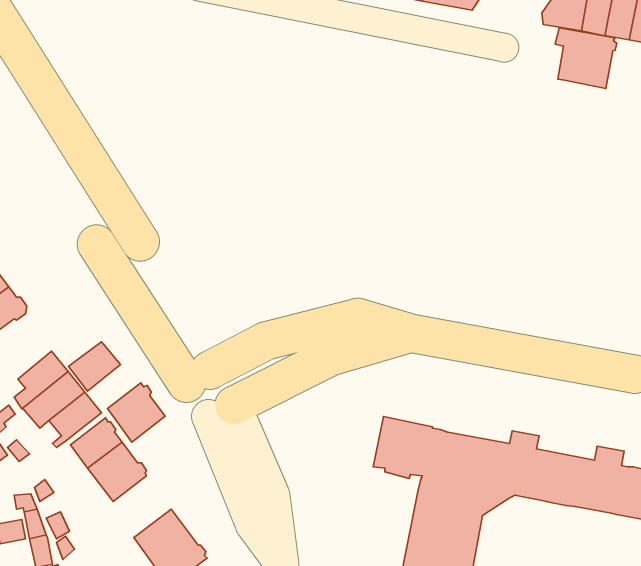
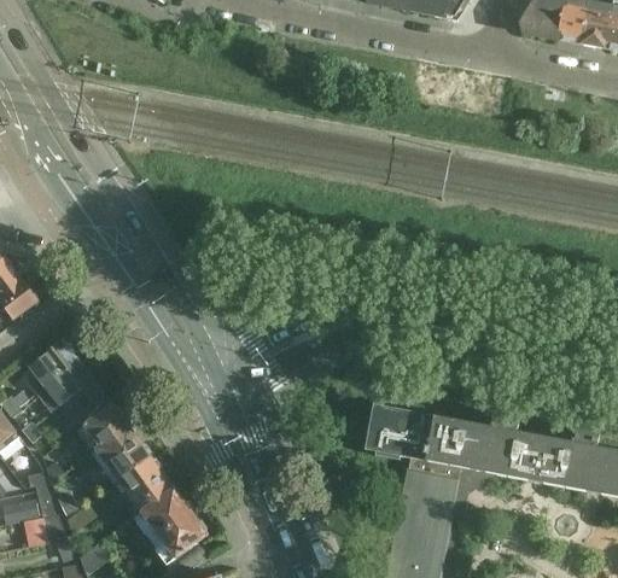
building: [555,28,617,88] -> none
building: [69,342,121,391] -> none
building: [107,383,165,442] -> [118,455,173,510]

